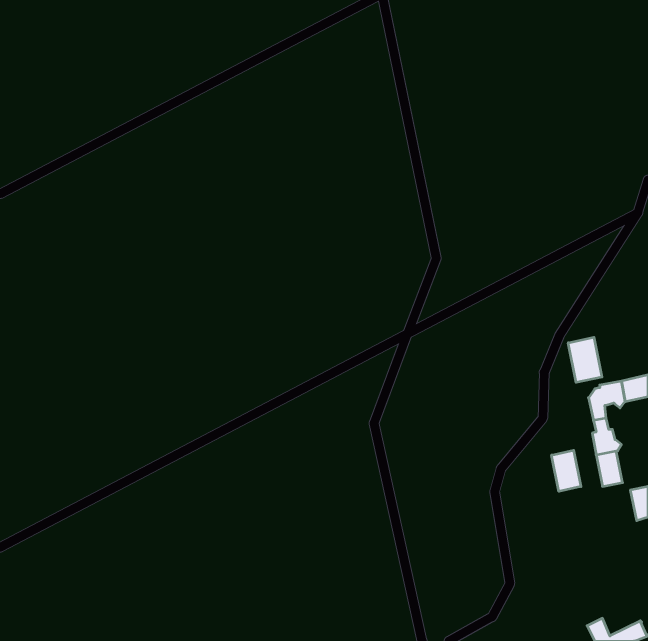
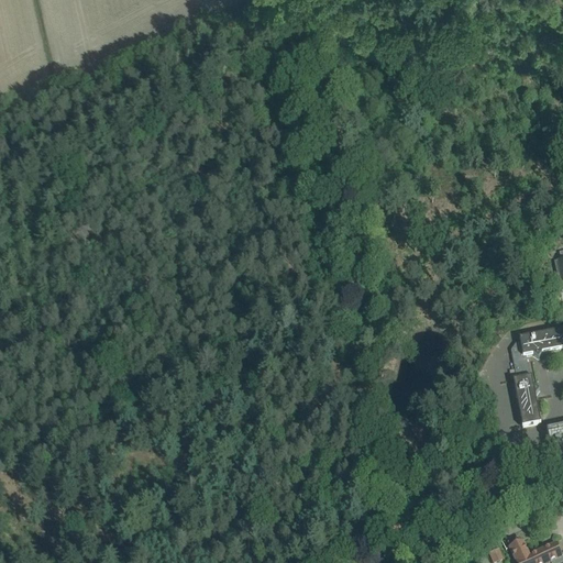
building: [568,337,602,382] -> none
building: [552,450,581,491] -> none

